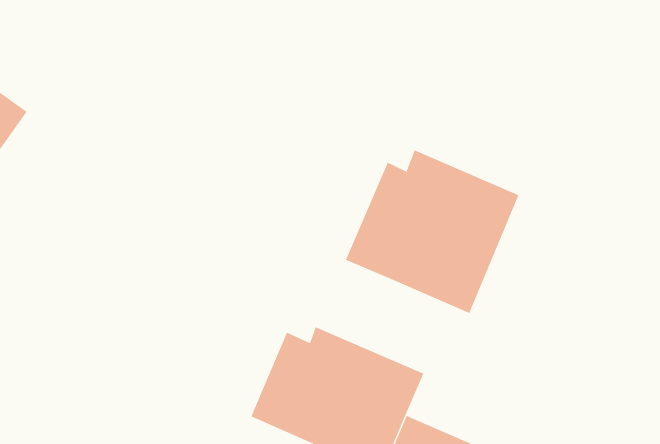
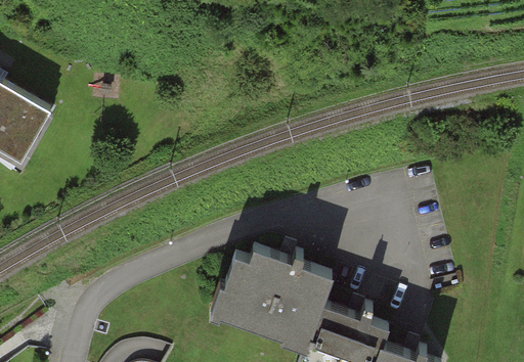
building: [345,150,519,314] -> none

